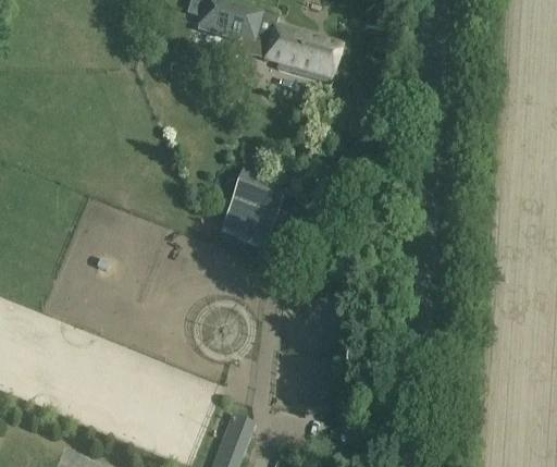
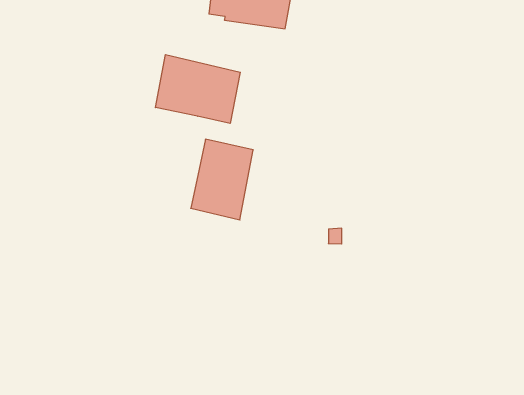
building: none -> [155,55,240,123]

